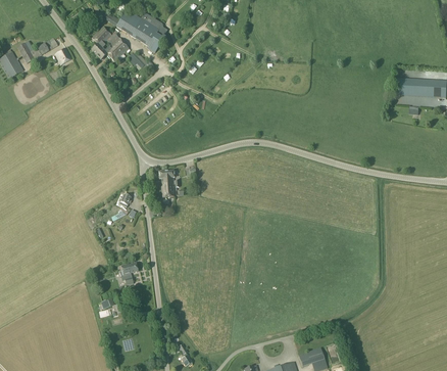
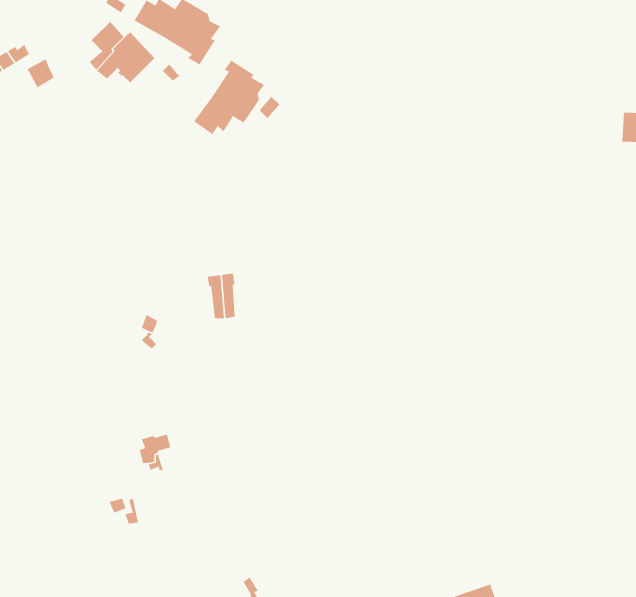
building: none -> [193,59,265,135]

